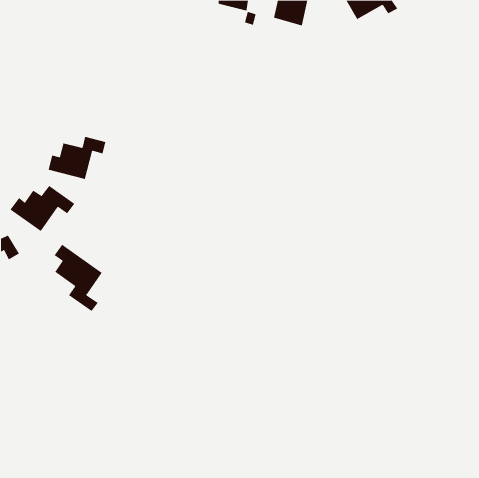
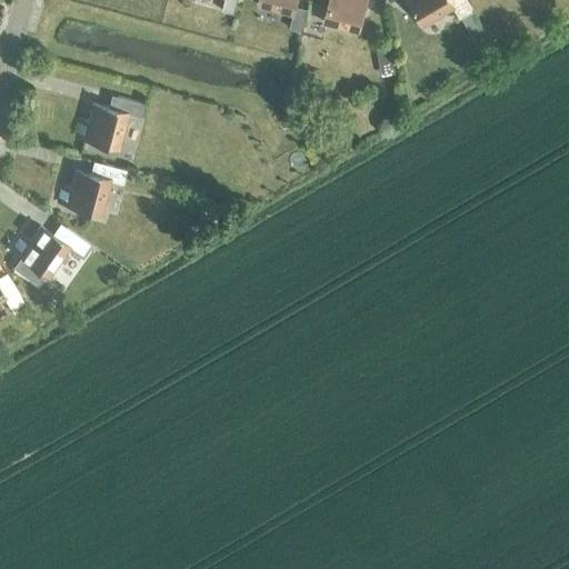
building: none -> [76,98,144,149]
building: [54,244,102,312] -> none

